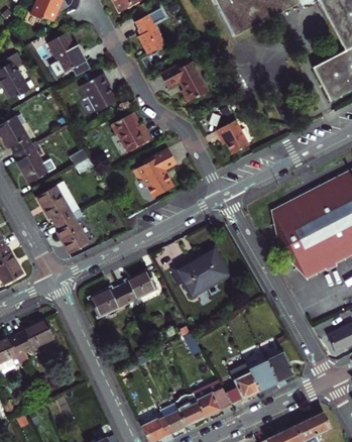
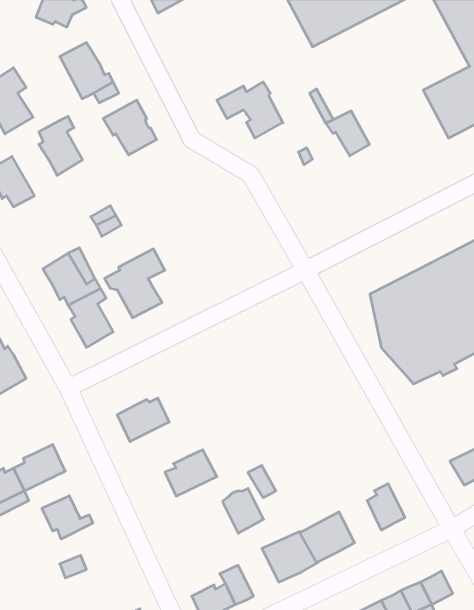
building: [134,7,164,53] -> none
building: [112,113,152,151] -> none
building: [216,121,247,153] -> [326,111,369,156]
building: [15,139,46,182] -> [39,116,82,175]
building: [132,147,175,197] -> [105,249,165,318]
building: [178,250,230,295] -> none
building: [119,271,156,305] -> [165,450,217,496]
building: none -> [42,496,93,539]
building: [249,359,279,392] -> none
building: [177,398,206,430] -> [223,488,264,533]

